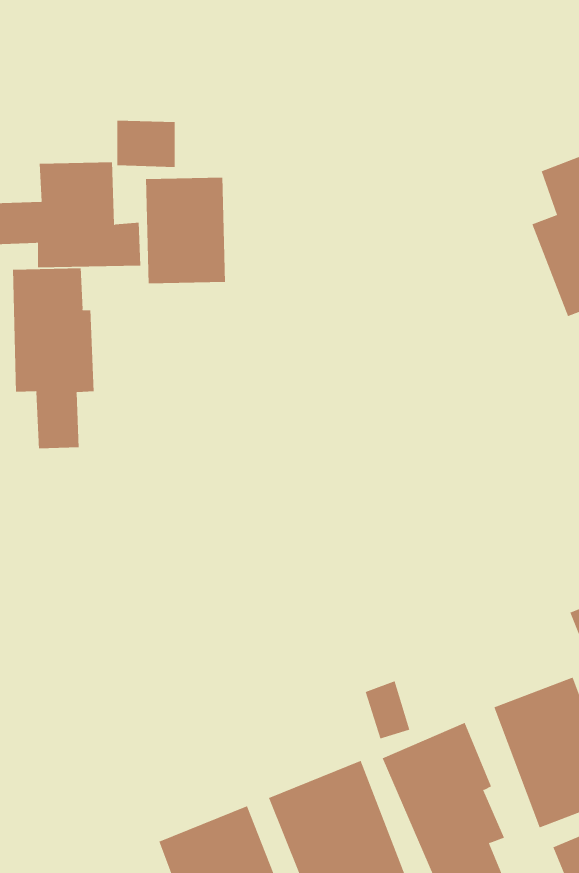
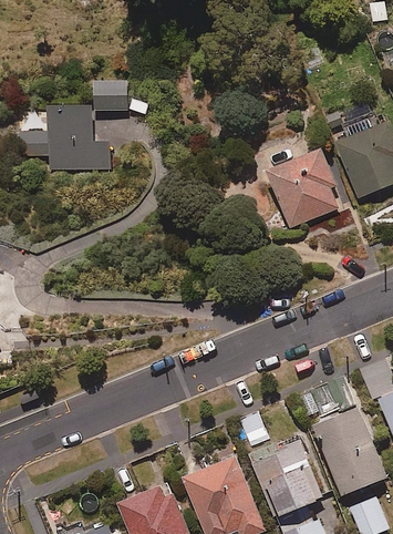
building: [146,177,226,284] -> none
building: none -> [266,148,338,227]
building: [12,267,94,449] -> none

